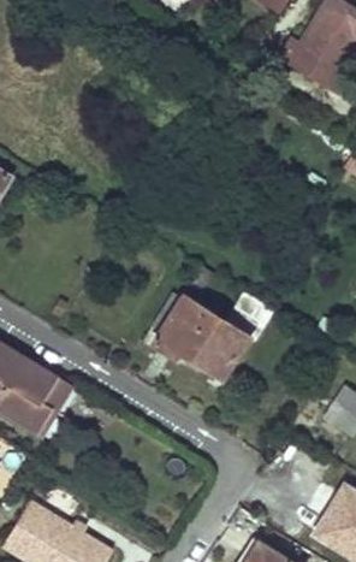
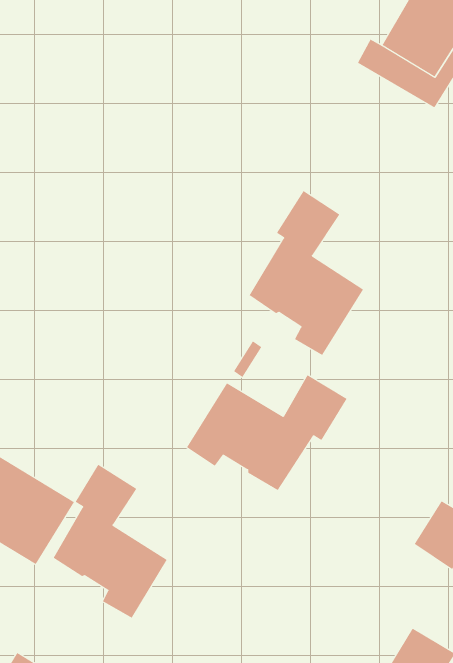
building: none -> [249,190,364,356]
building: none -> [53,464,167,618]

